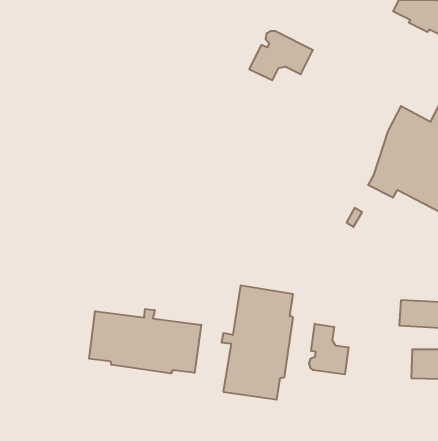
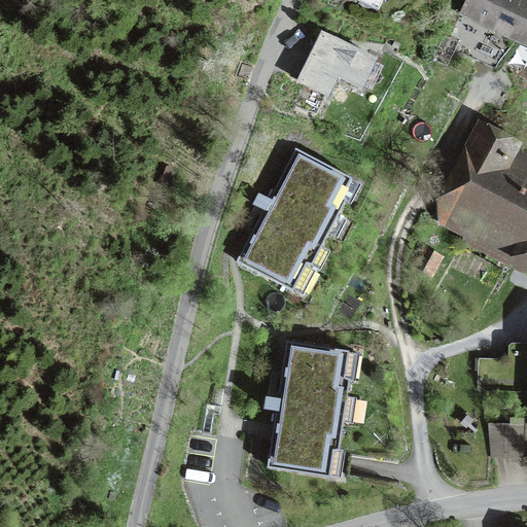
building: none -> [240,149,355,291]
building: [89,309,201,374] -> none
building: [309,324,349,374] -> none

